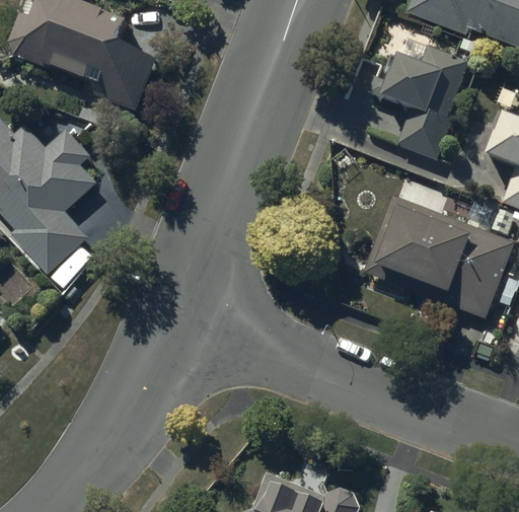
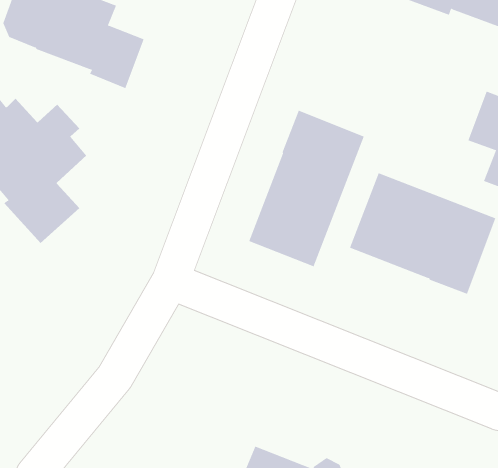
building: [369,47,468,159] -> none
building: none -> [248,110,364,267]

